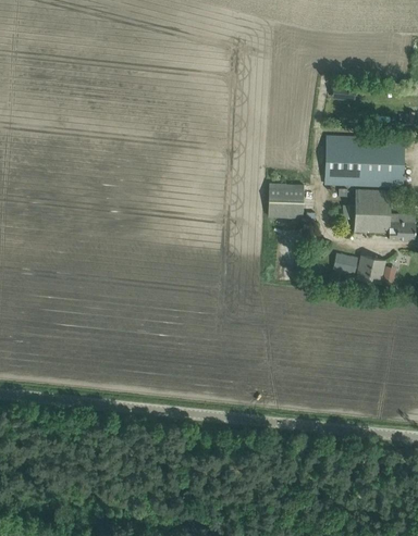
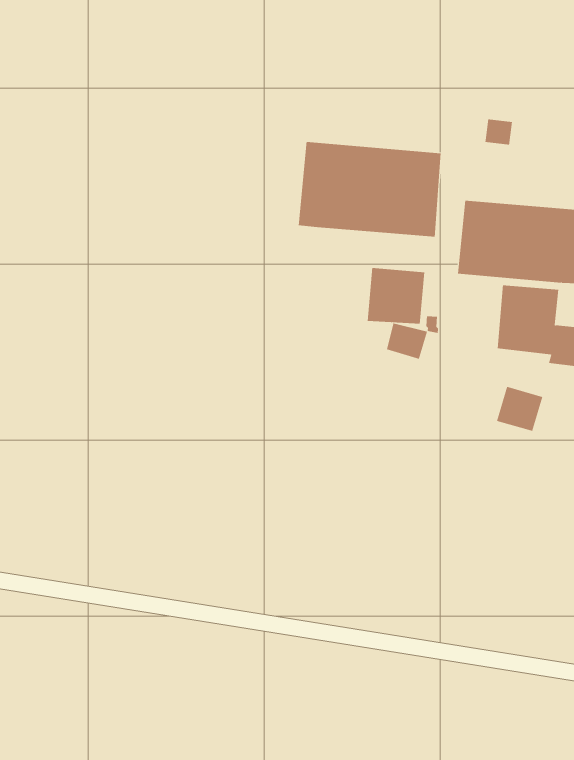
building: none -> [298,141,441,238]
building: [332,253,358,276] -> [386,323,428,360]

